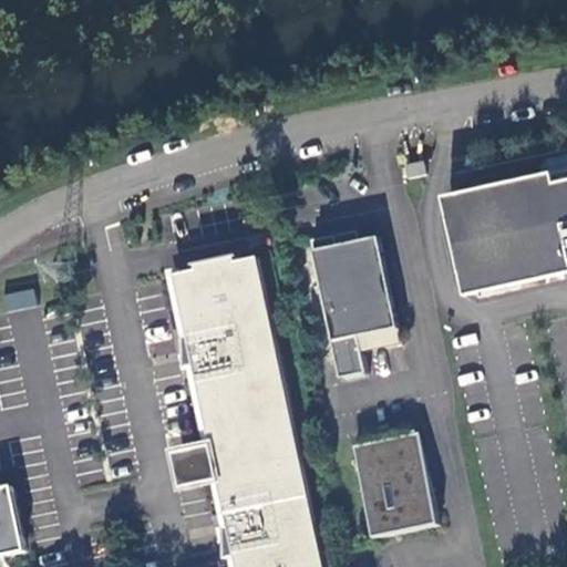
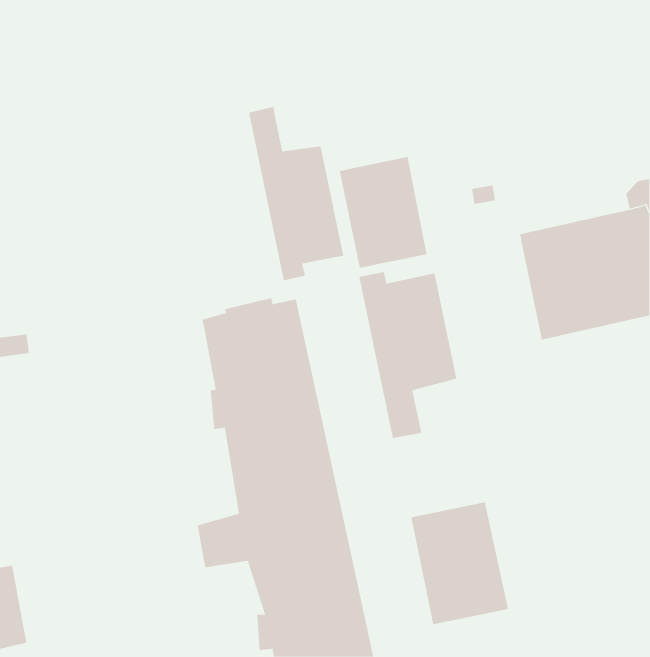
building: none -> [248,106,344,281]
building: none -> [339,156,427,269]

